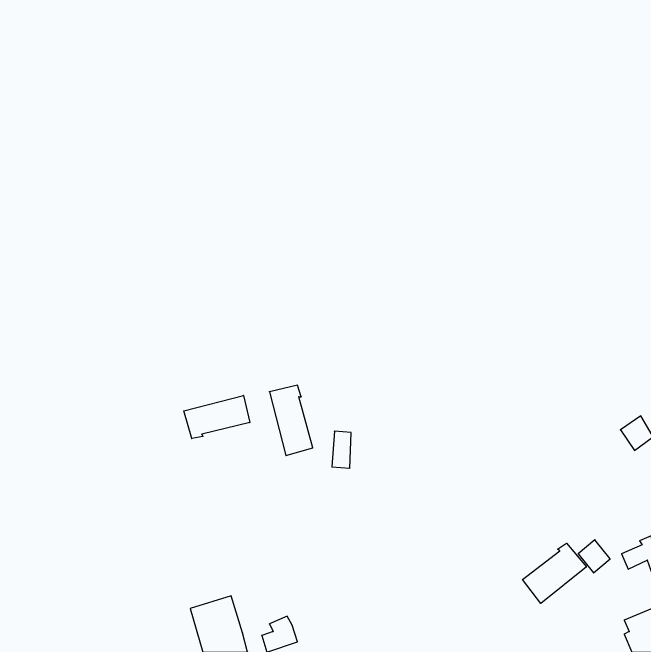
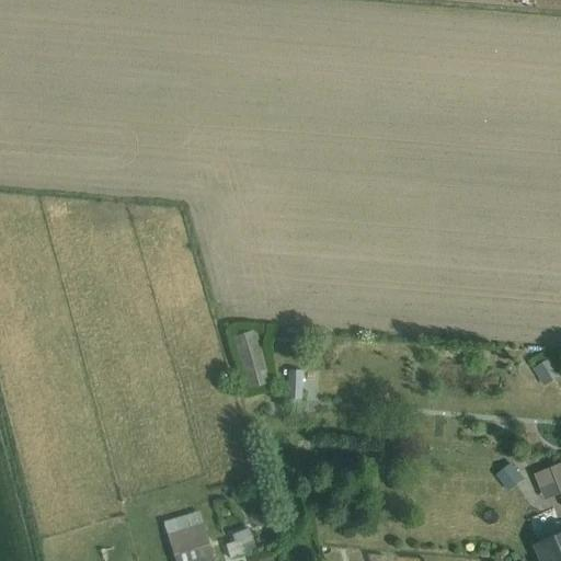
building: [184,395,250,439] -> none
building: [523,543,586,603] -> none

